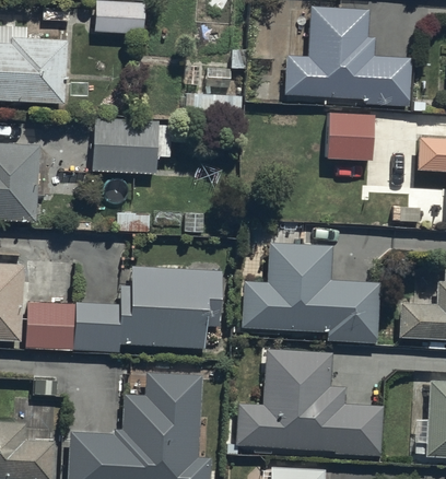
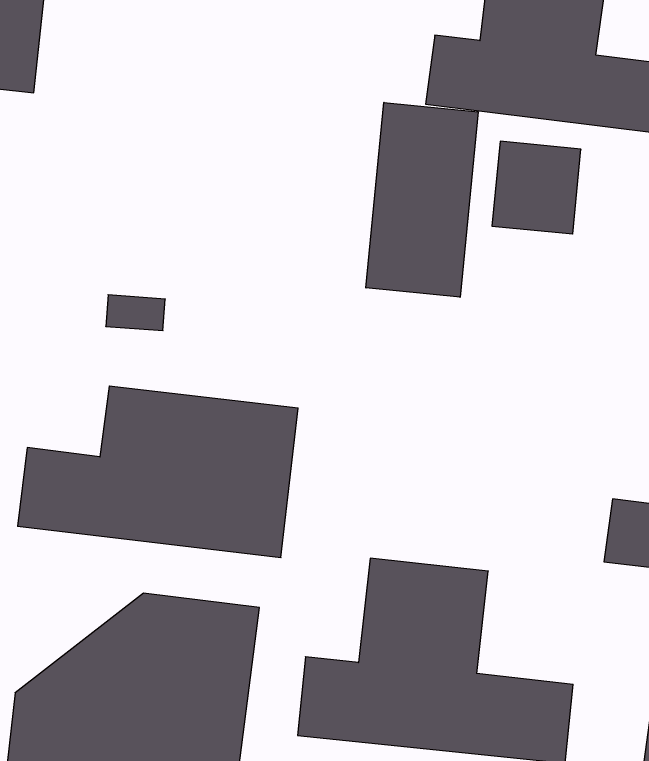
building: none -> [366,102,478,297]
building: [90,117,168,174] -> none
building: [238,244,382,336] -> none

